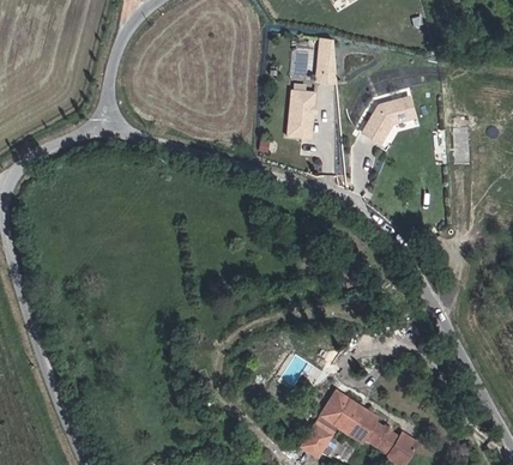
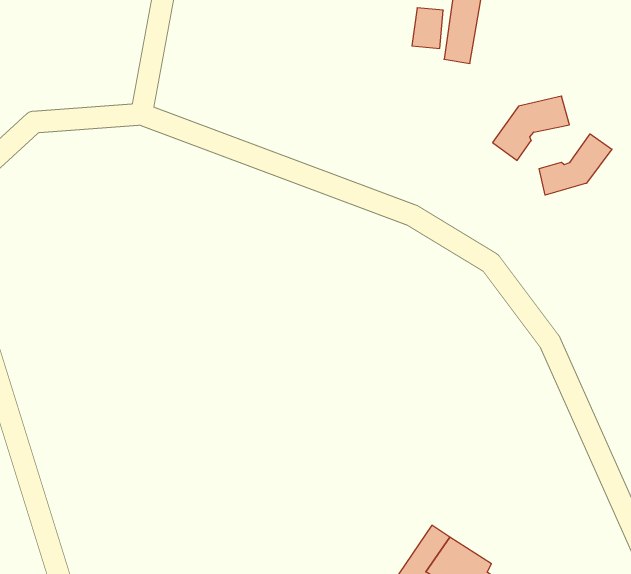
building: [280,91,307,138] -> none
building: none -> [539,134,612,195]

